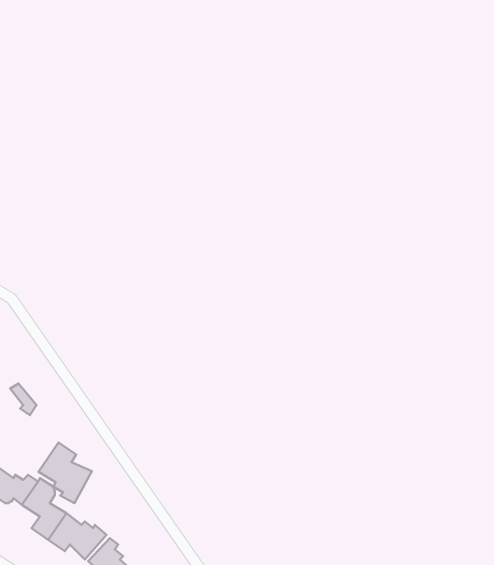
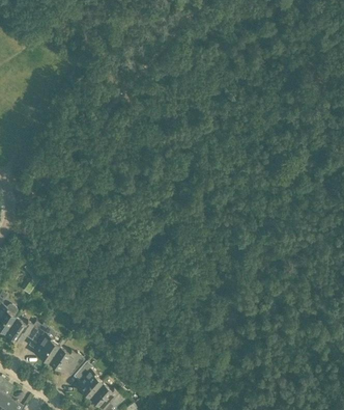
building: [38,443,92,503] -> none

